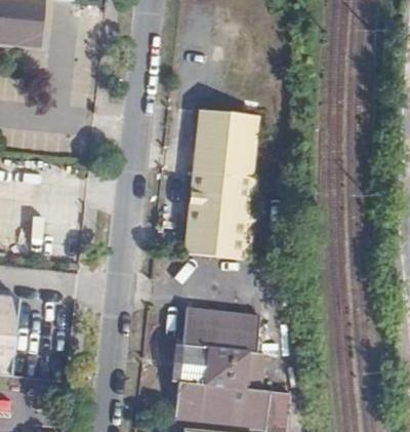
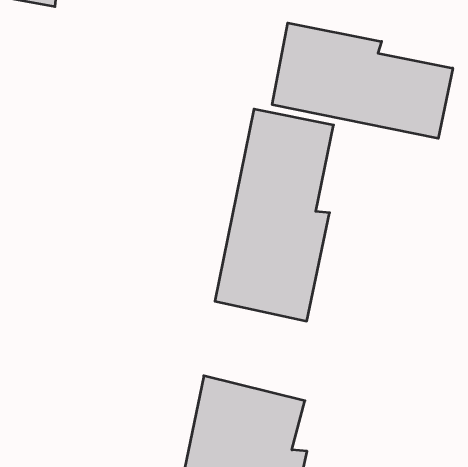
building: none -> [272,23,453,138]

